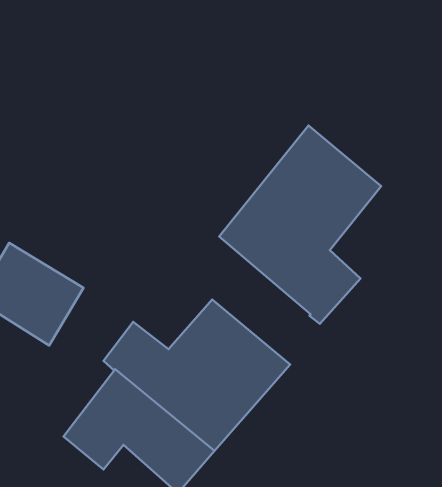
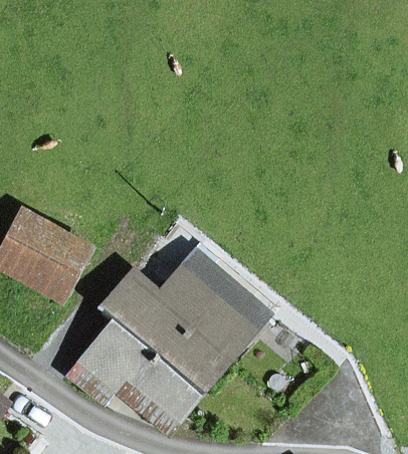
building: [219,126,381,324] -> none

